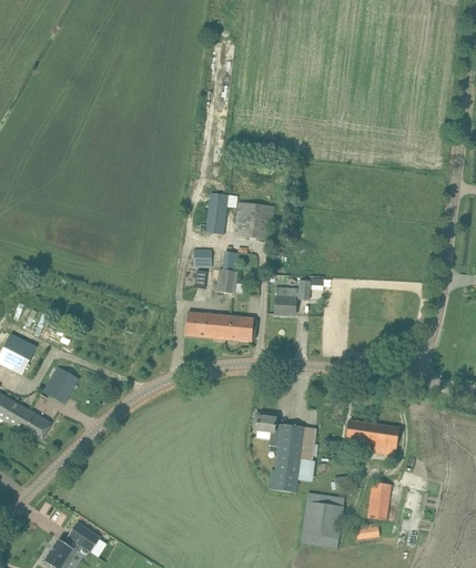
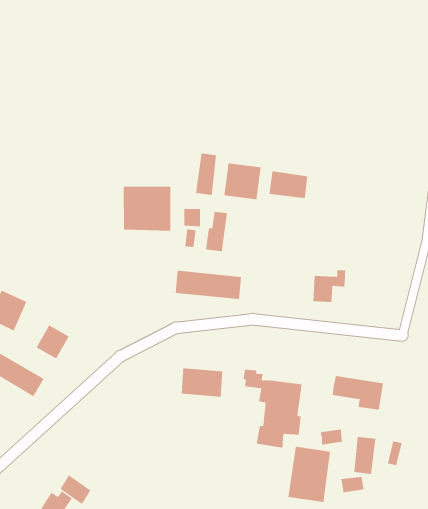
building: none -> [269,170,308,199]
building: none -> [123,186,171,232]
building: [275,282,310,315] -> [313,270,346,303]
building: none -> [181,367,223,397]

